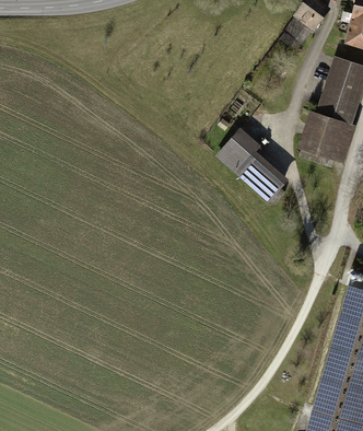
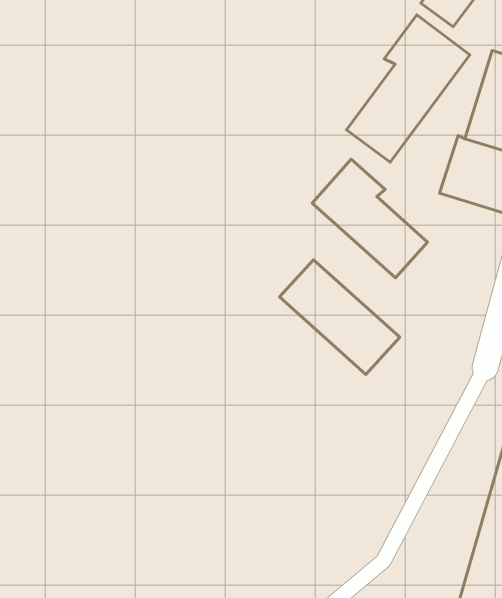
building: none -> [346,15,470,162]
building: none -> [280,260,400,375]

